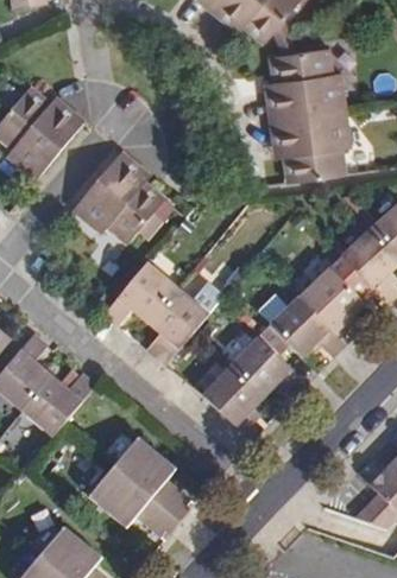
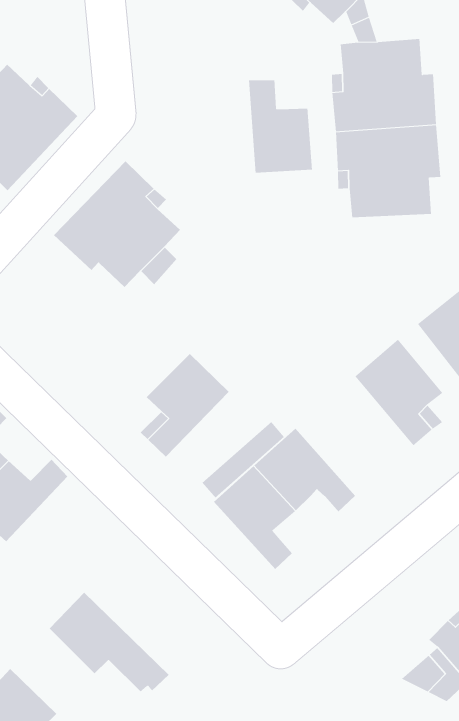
building: none -> [248,79,313,174]
building: [103,262,177,325] -> none
building: [261,297,345,357] -> none
building: [113,438,190,523] -> none

